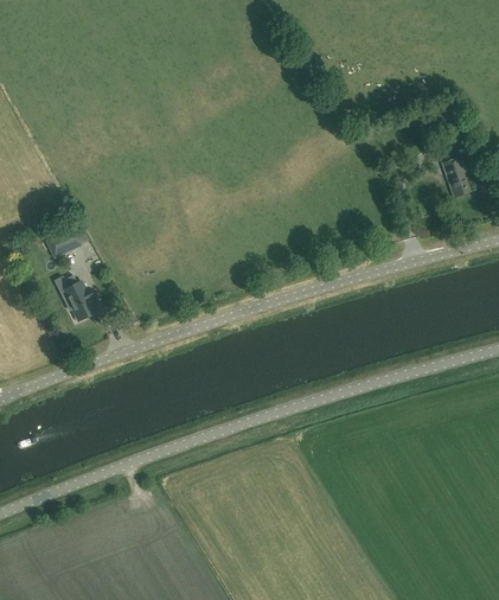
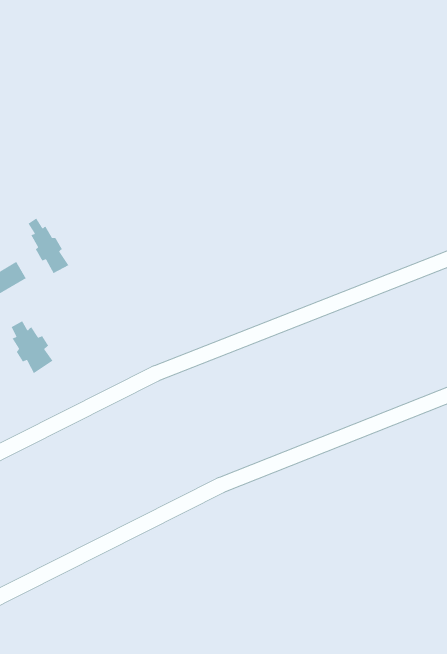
building: none -> [28,218,70,274]

